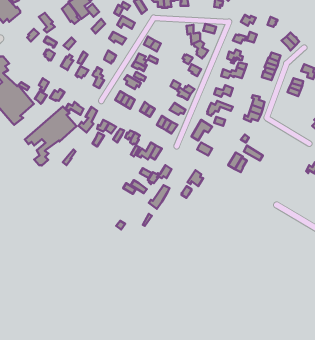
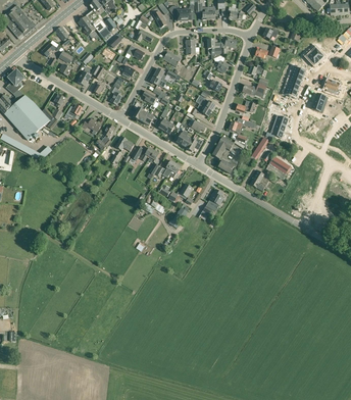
building: [25,107,77,165] -> none

